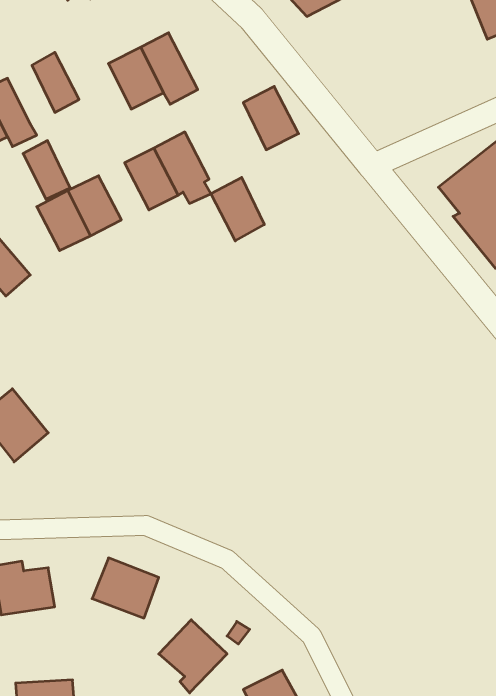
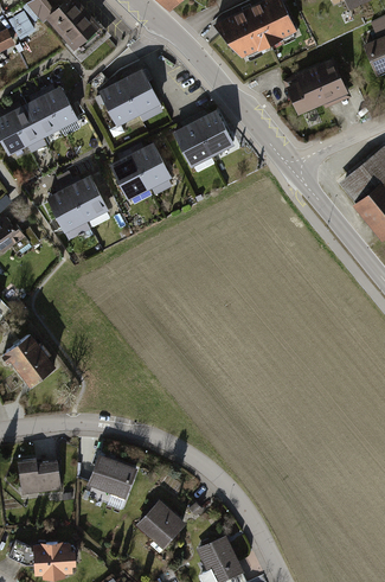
building: none -> [283,59,348,114]
building: [23,141,70,199] -> [25,94,59,136]
building: [211,177,264,241] -> [174,121,213,167]

